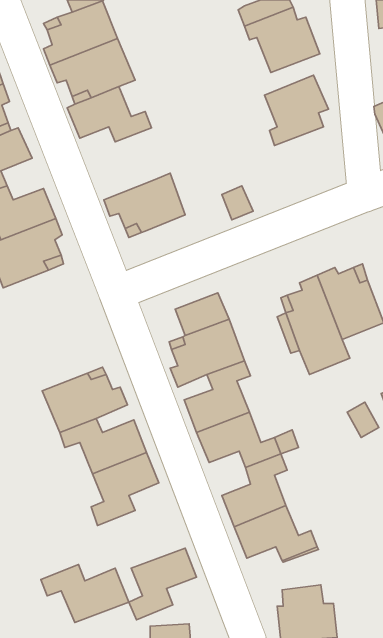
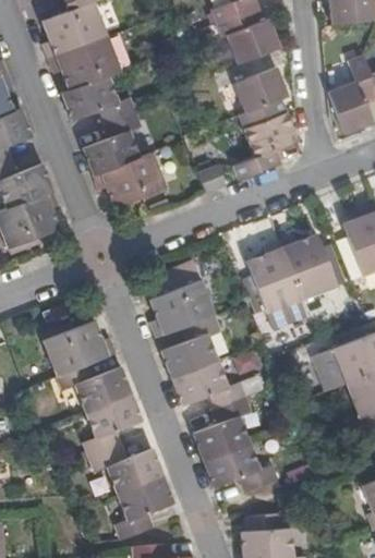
building: none -> [232,112,295,180]
building: none -> [84,113,141,175]
building: [41,565,129,622] -> [88,445,165,495]

